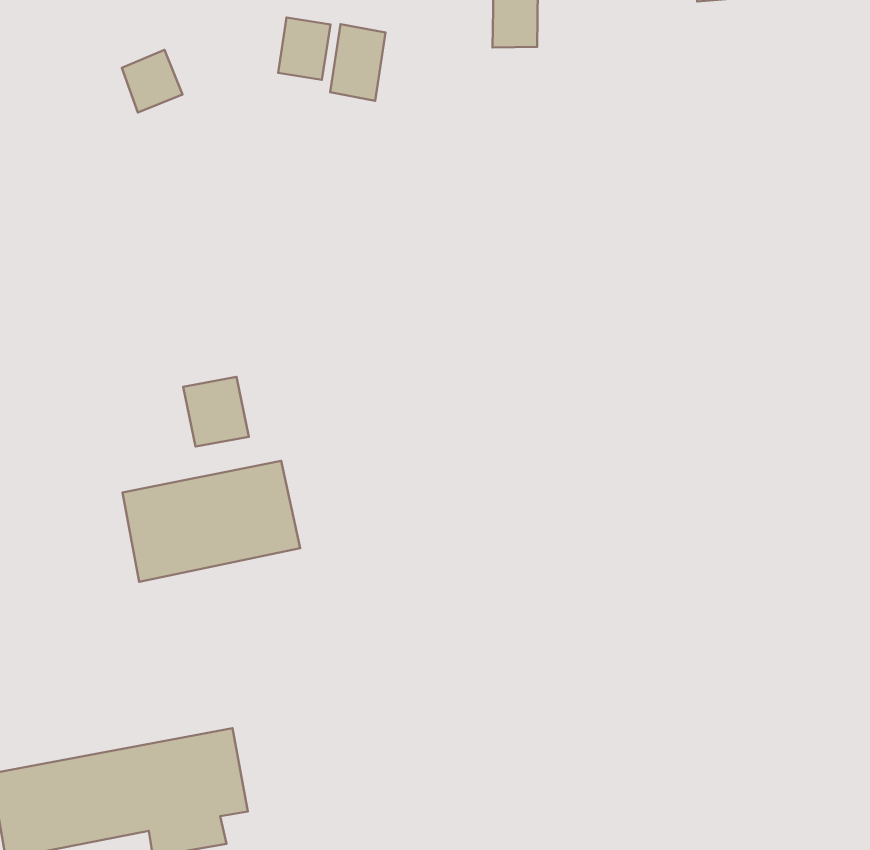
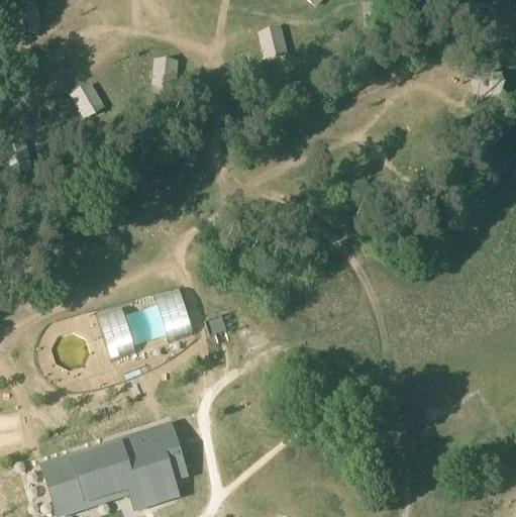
building: [330,24,385,101] -> none
building: [183,377,249,446] -> none

